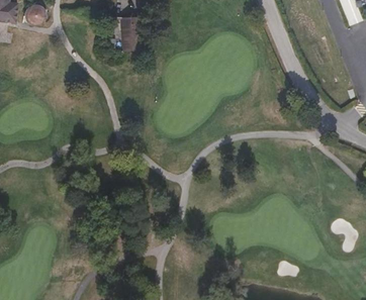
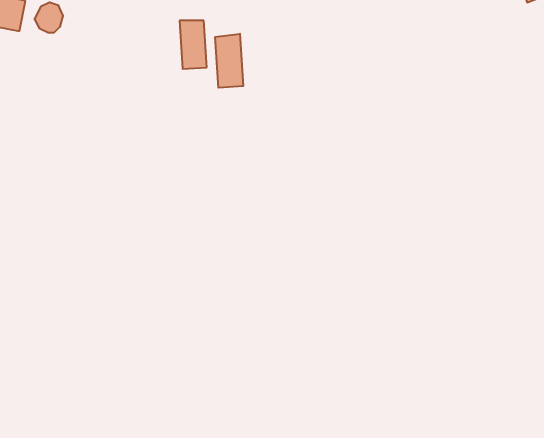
building: none -> [215,34,243,88]

